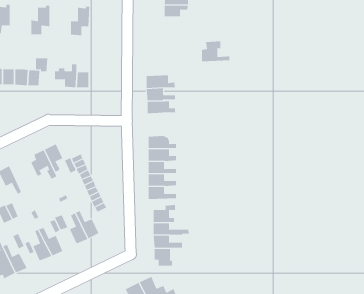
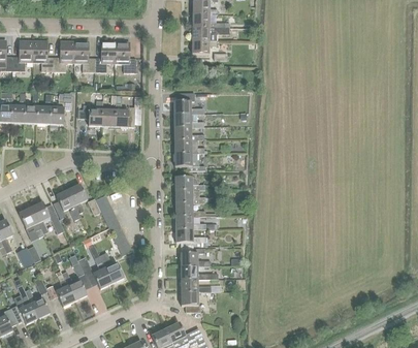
building: none -> [32,39,53,71]
building: none -> [73,40,94,71]
building: none -> [114,41,135,72]
building: [201,41,230,62] -> [172,92,202,114]
building: none -> [114,103,134,127]
building: none -> [173,152,204,170]
building: none -> [31,201,64,233]

